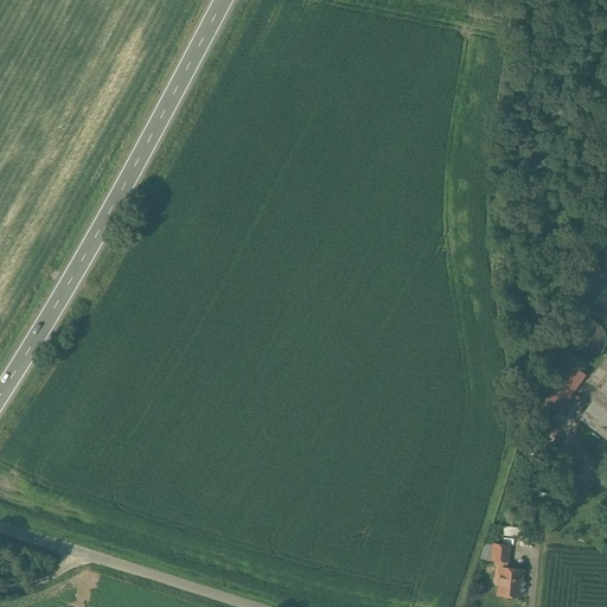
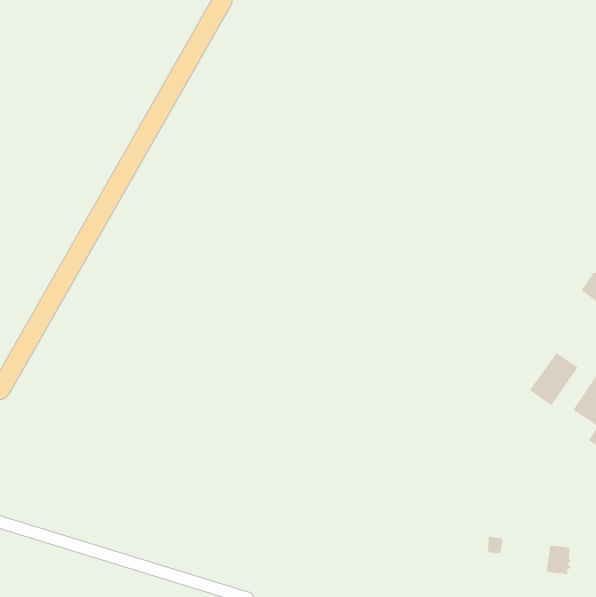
building: [500,568,526,598] -> [546,545,572,574]

